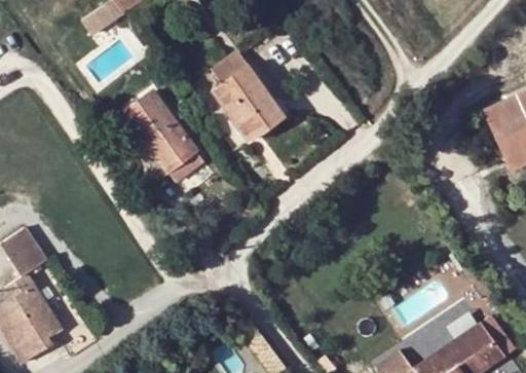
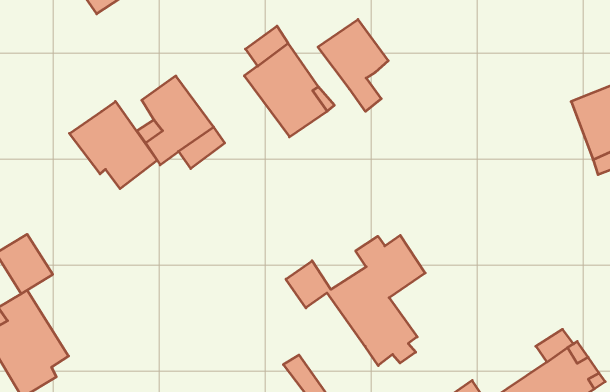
building: none -> [318,19,388,111]
building: none -> [69,101,157,189]
building: none -> [286,235,425,366]

